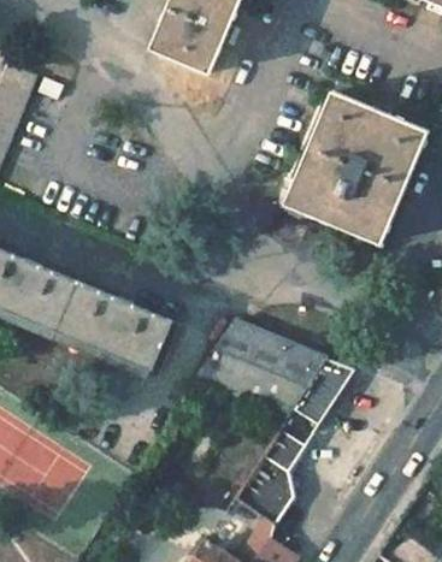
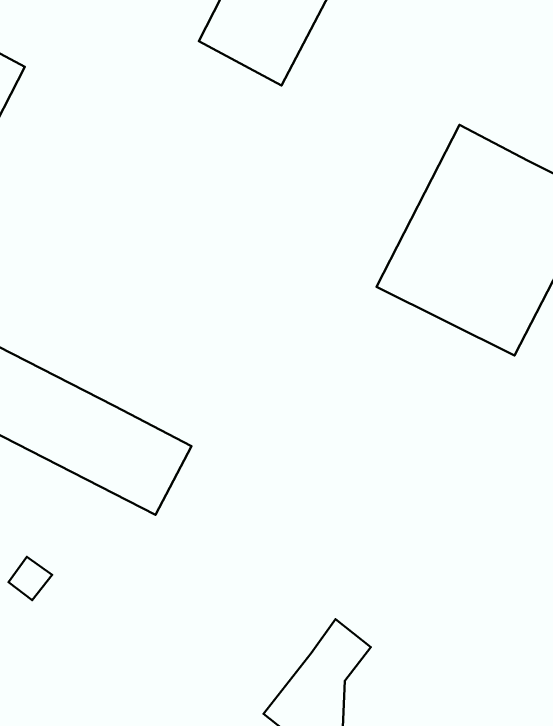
building: [194,320,349,425] -> none

